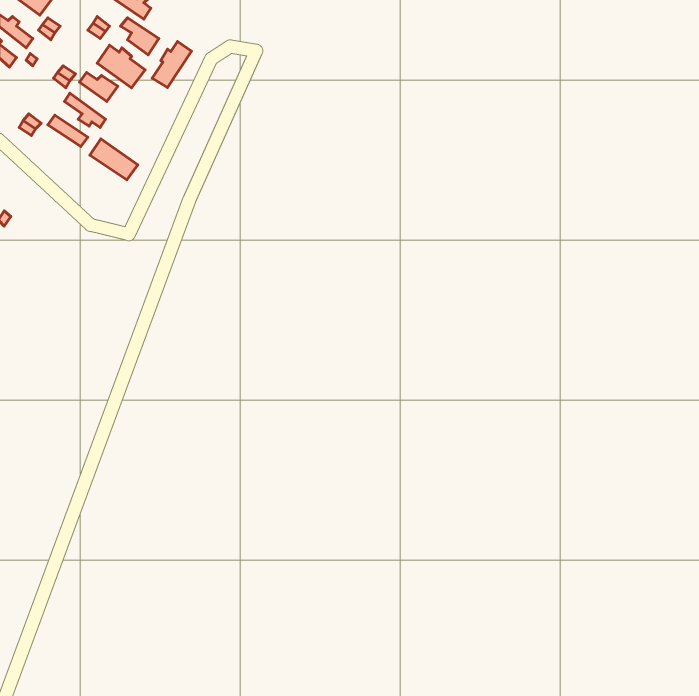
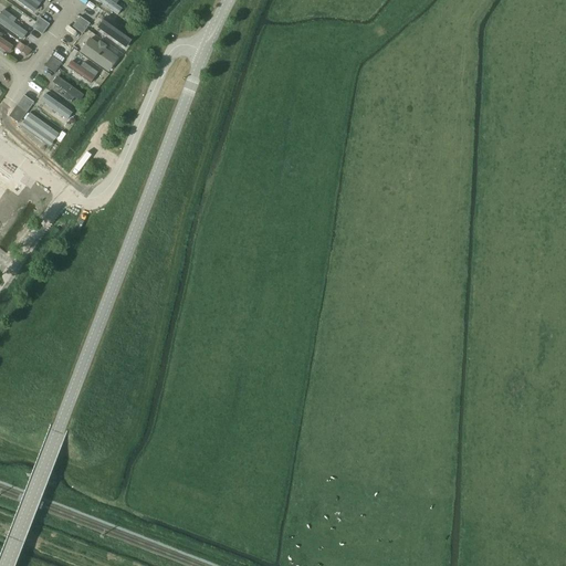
building: [152,41,192,88] -> none
building: [90,139,138,180] -> [20,113,59,146]

